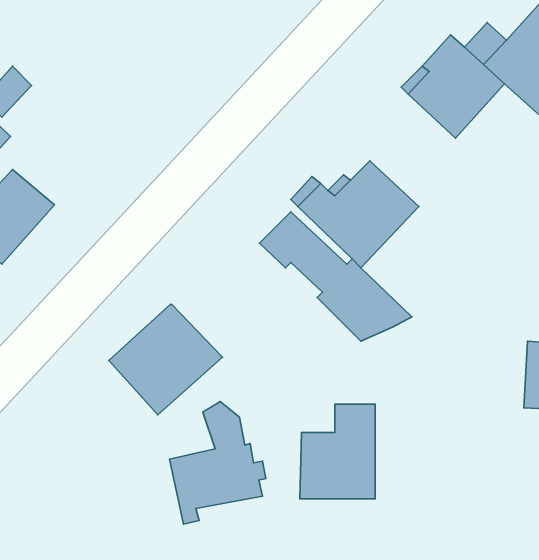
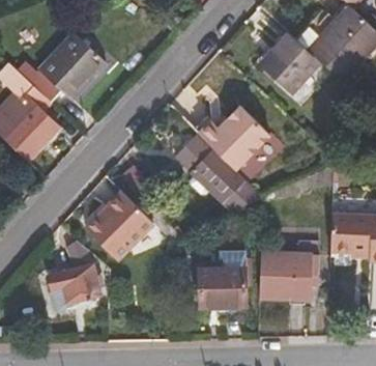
building: none -> [44,46,96,103]
building: [169,402,266,524] -> [48,235,105,308]
building: none -> [258,248,311,293]

